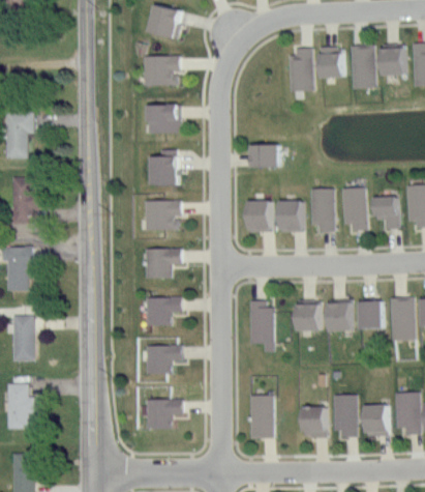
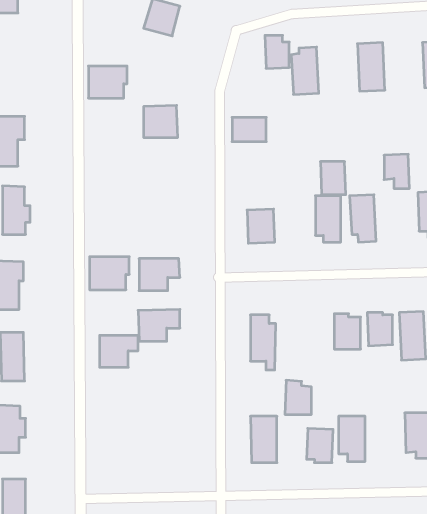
building: [383,44,404,76] -> none
building: [320,47,342,78] -> [265,35,289,68]
building: [145,55,181,85] -> [88,66,127,98]
building: [247,144,279,167] -> [232,117,266,142]
building: [151,156,179,184] -> none
building: [374,196,398,228] -> [384,154,409,188]
building: [145,199,182,230] -> [90,257,129,290]
building: [279,200,303,231] -> [320,162,346,195]
building: [296,298,321,330] -> [285,380,311,414]
building: [146,345,182,375] -> [100,335,138,367]
building: [146,399,183,429] -> none
building: [364,405,388,436] -> none

